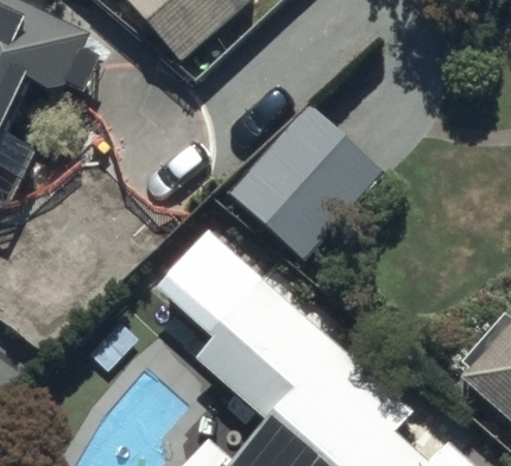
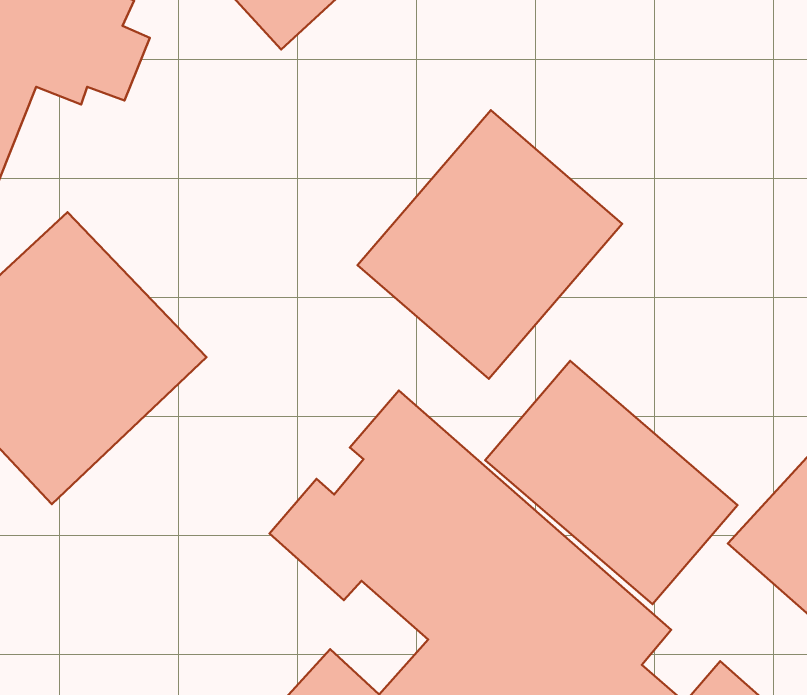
building: none -> [485,361,737,604]

